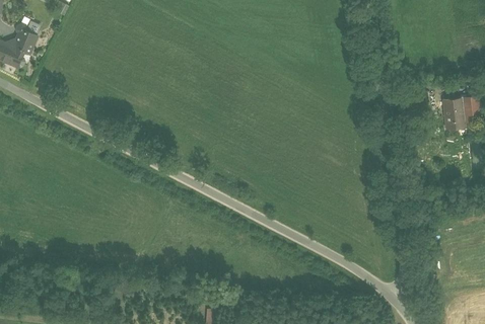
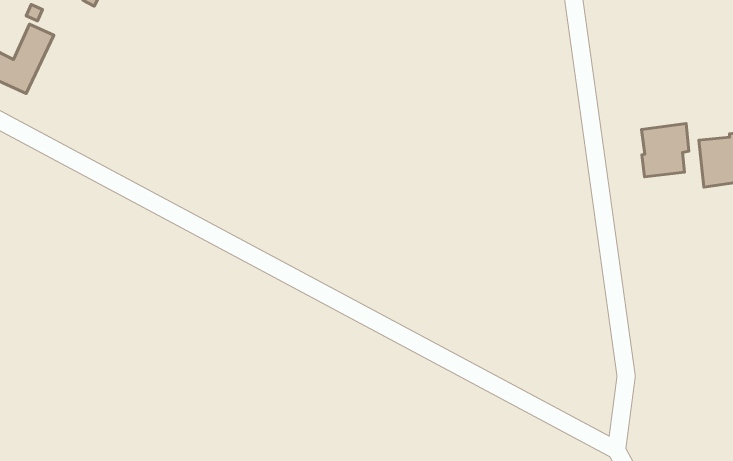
building: none -> [642,124,689,177]

